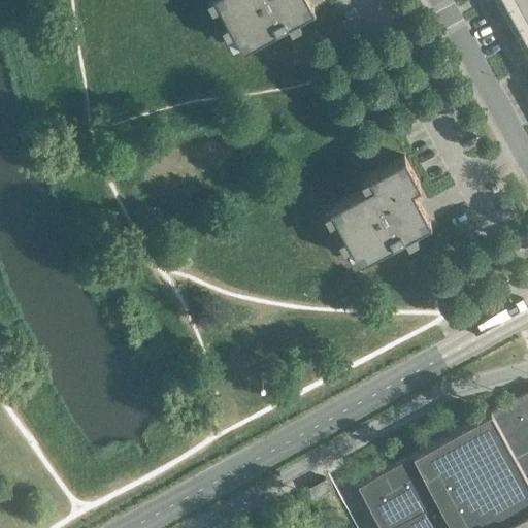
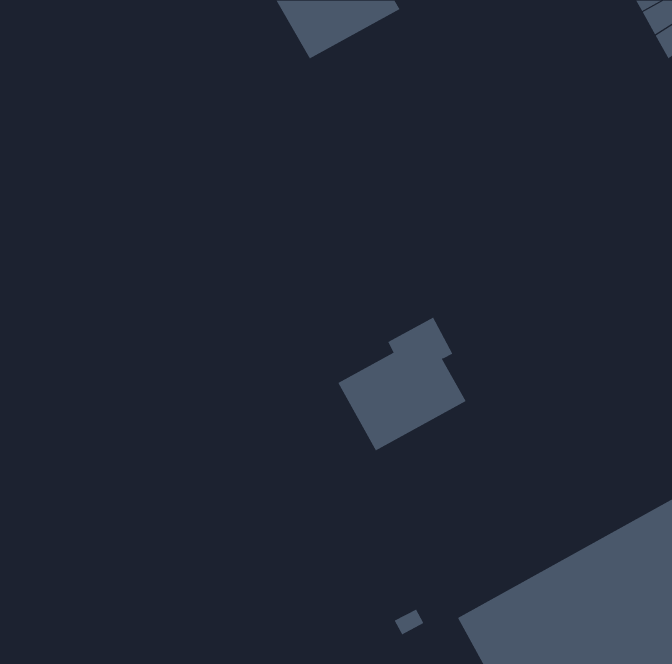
building: [330,162,431,267] -> [337,317,466,451]

